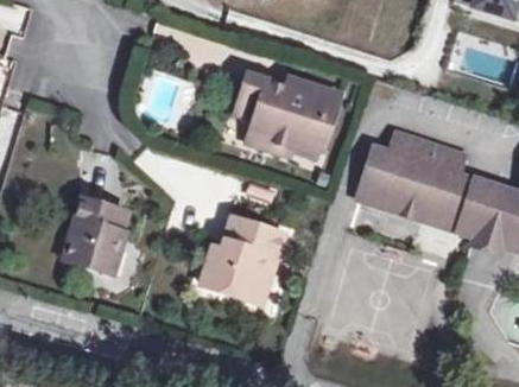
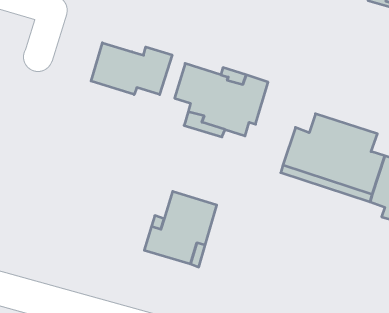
building: none -> [91,43,172,95]
building: [63,201,128,277] -> none

